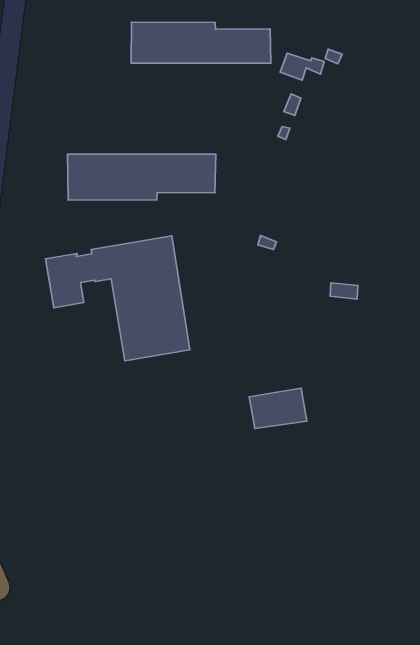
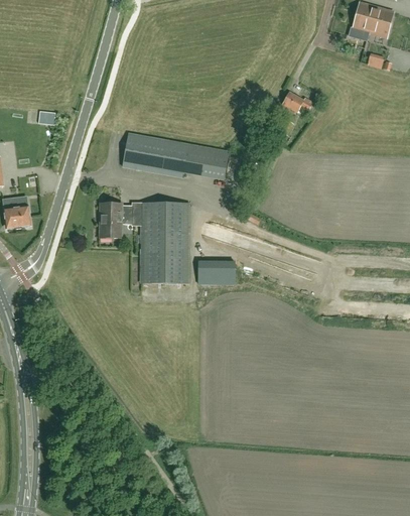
building: [131,22,271,63] -> none
building: [249,388,307,429] -> [198,259,235,282]

